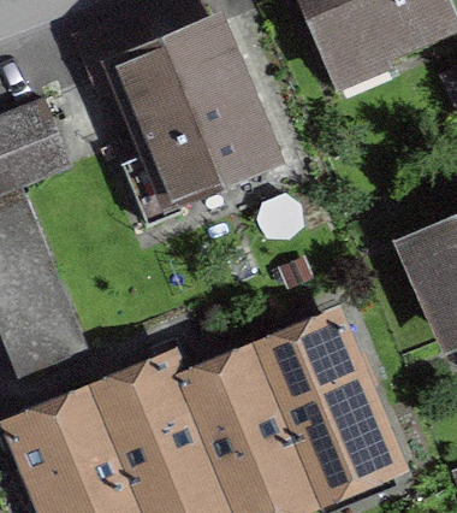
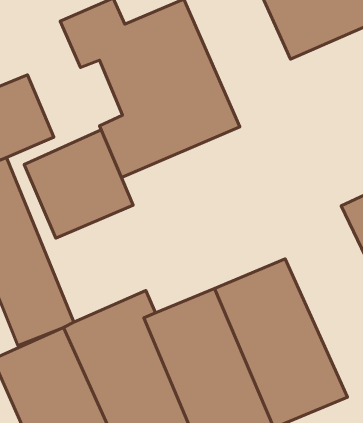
building: none -> [24,130,133,238]

